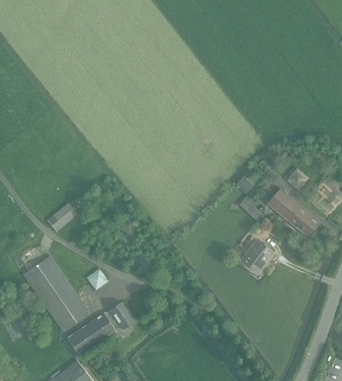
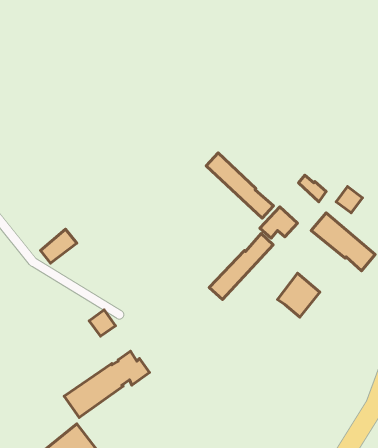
building: none -> [206,153,273,218]
building: none -> [209,233,273,300]
building: [22,256,88,329] -> none

